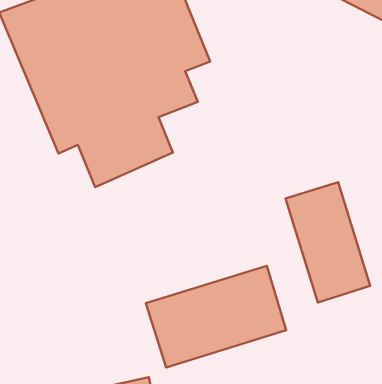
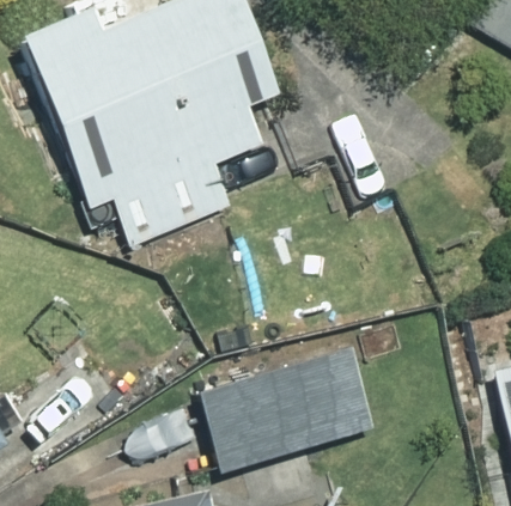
building: [286,182,370,303] -> none

